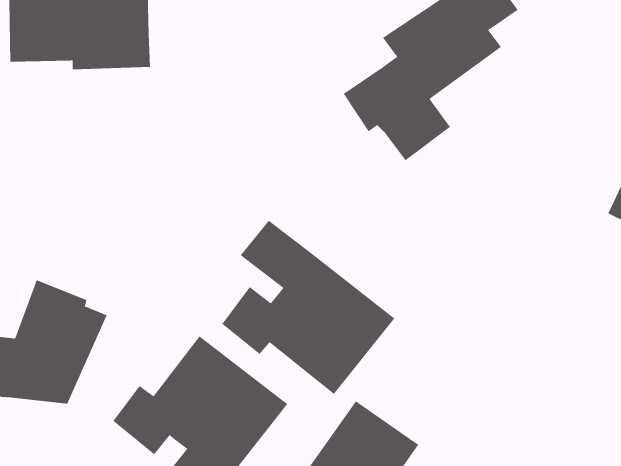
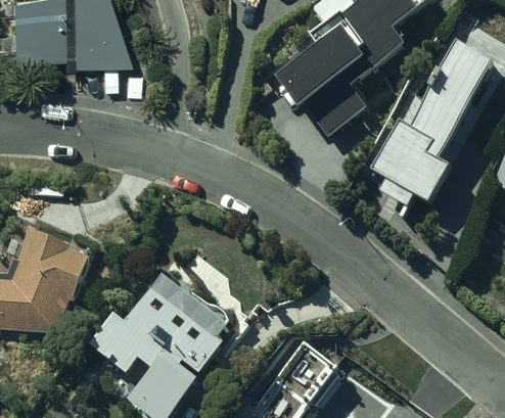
building: none -> [369,44,497,204]
building: [222,220,395,395] -> none

